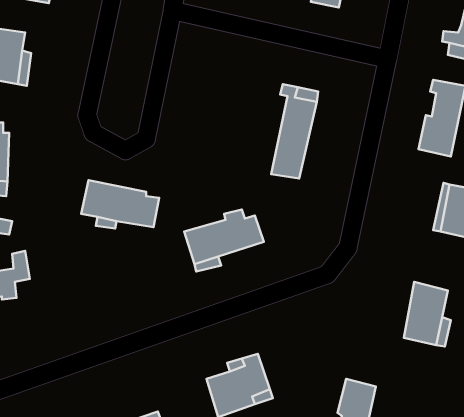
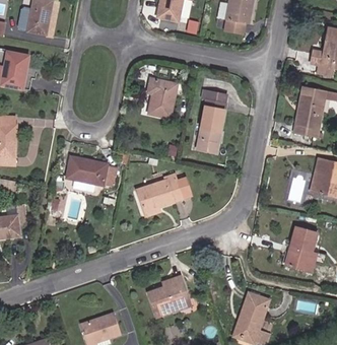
building: none -> [150,79,177,119]

